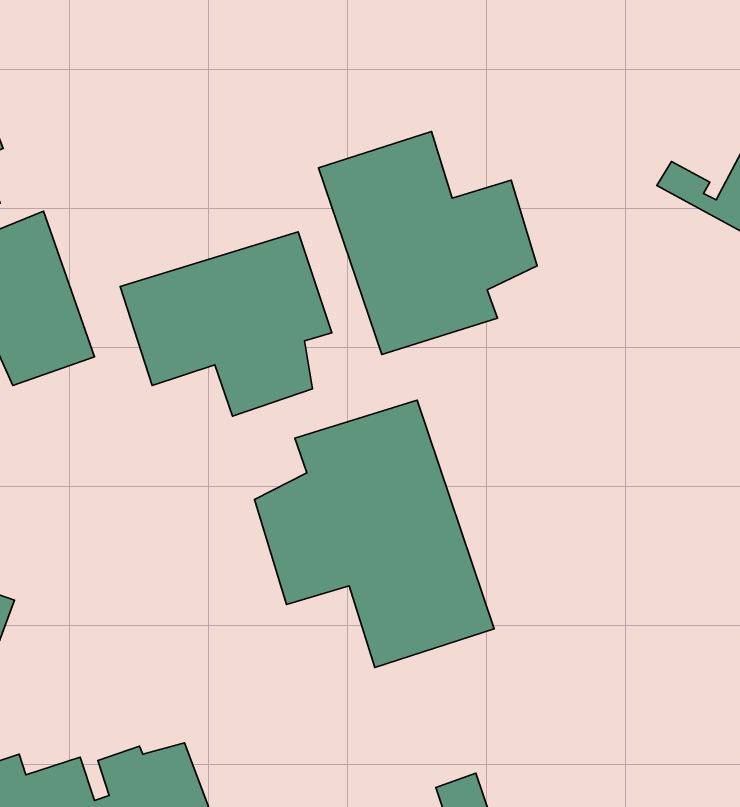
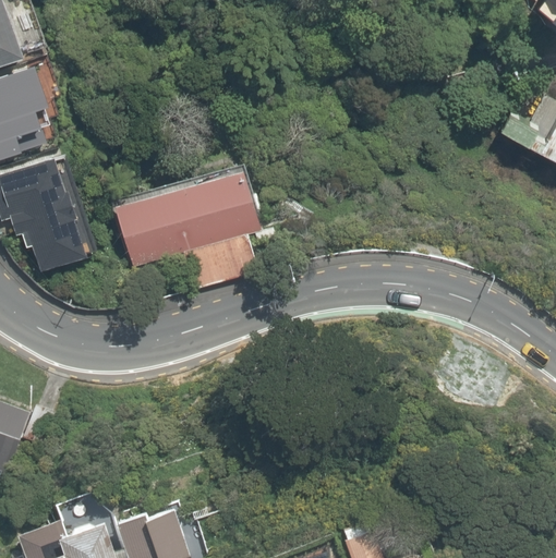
building: [318,132,537,354] -> none
building: [254,400,494,667] -> none

